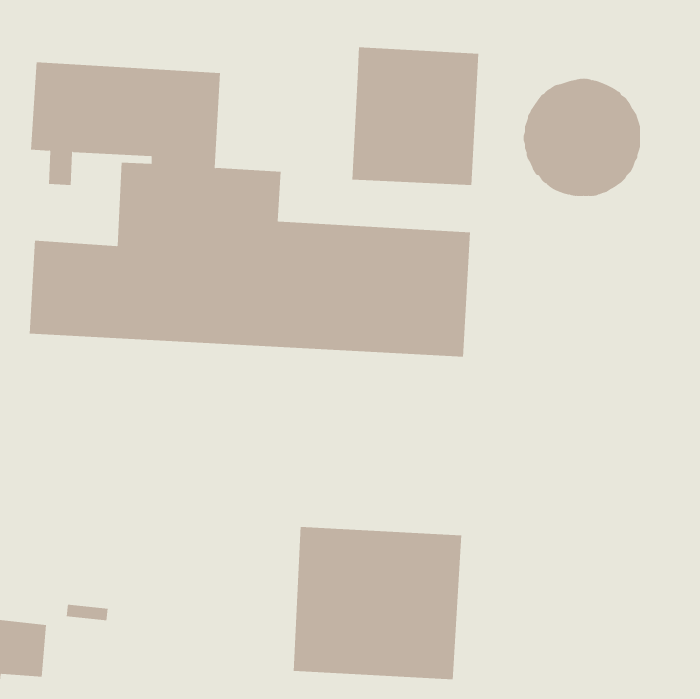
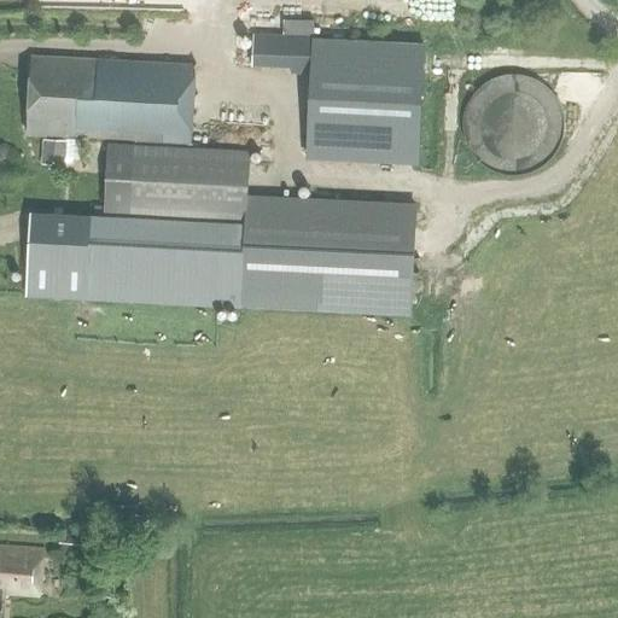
building: none -> [251,34,315,68]
building: [293,526,462,680] -> none

